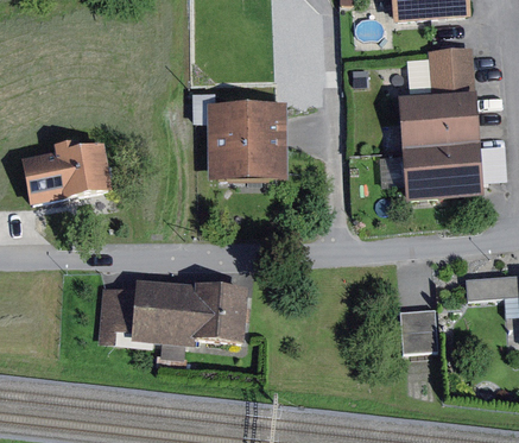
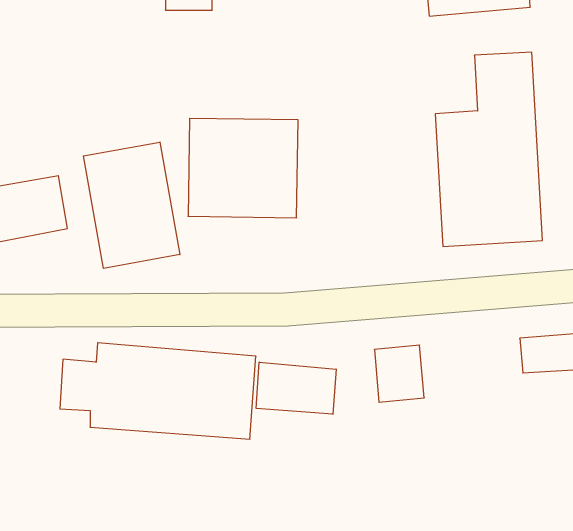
building: none -> [83,142,180,268]
building: none -> [256,362,336,414]
building: [399,305,438,350] -> [374,345,424,402]

